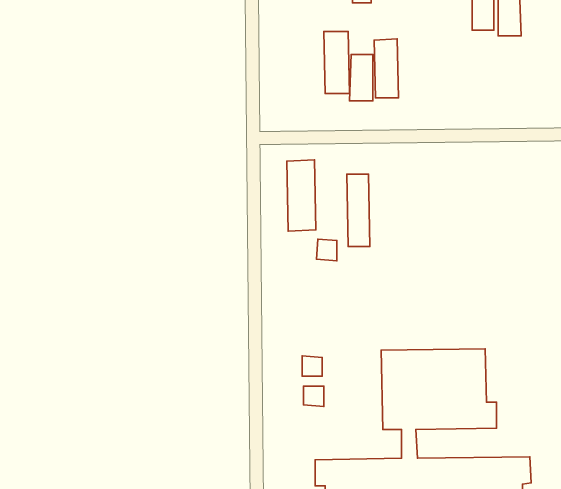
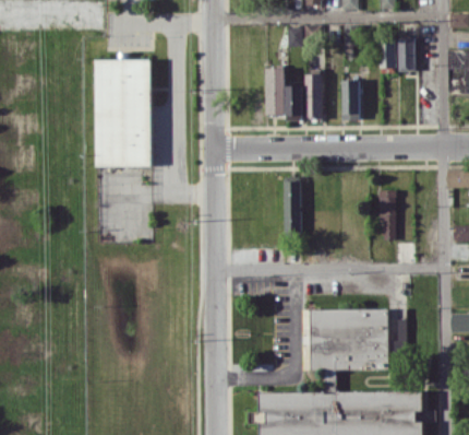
building: none -> [98,59,152,163]
building: none -> [341,79,359,119]
building: [287,160,316,231] -> none
building: none -> [378,189,396,240]

